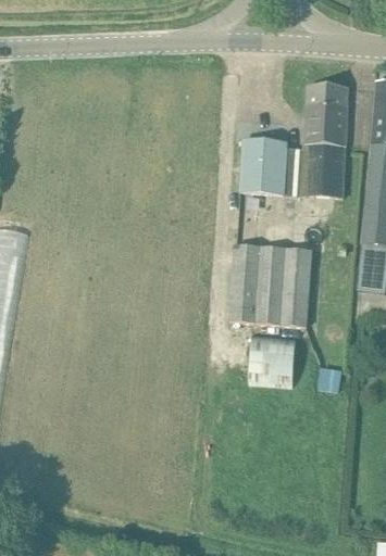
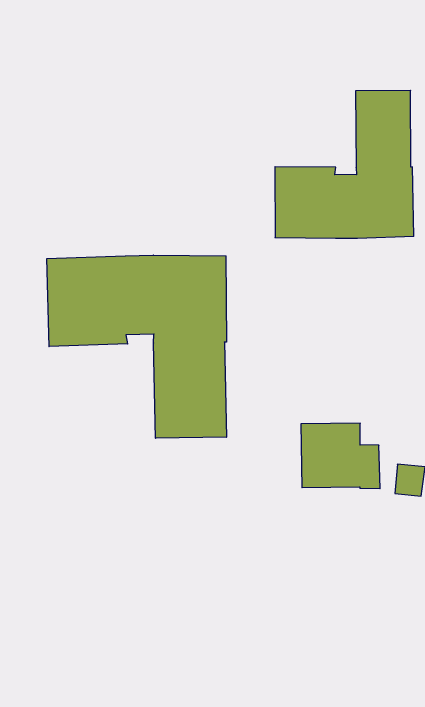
building: none -> [47,255,226,438]
building: [228,245,311,326] -> none

